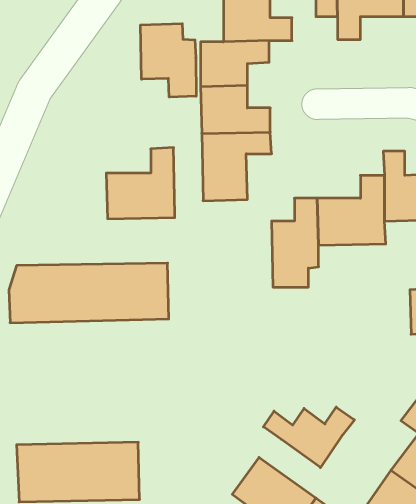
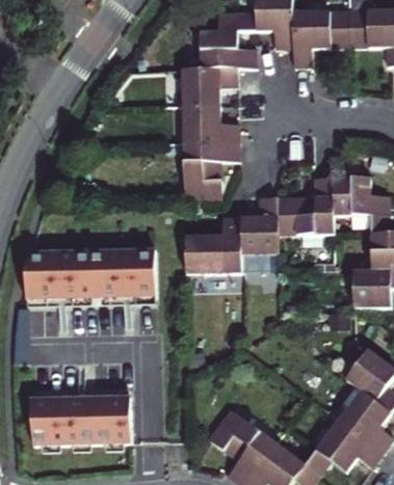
building: [141,24,196,97] -> none
building: [106,148,175,219] -> [185,215,241,273]
building: [263,407,354,468] -> none

